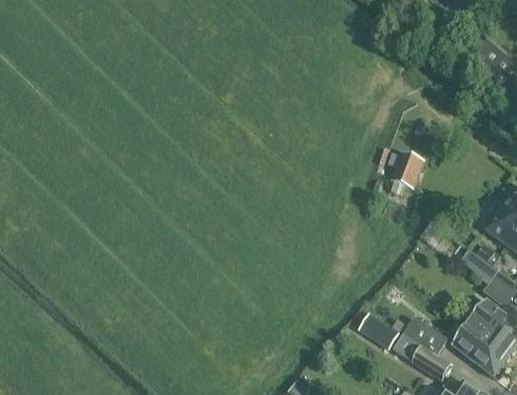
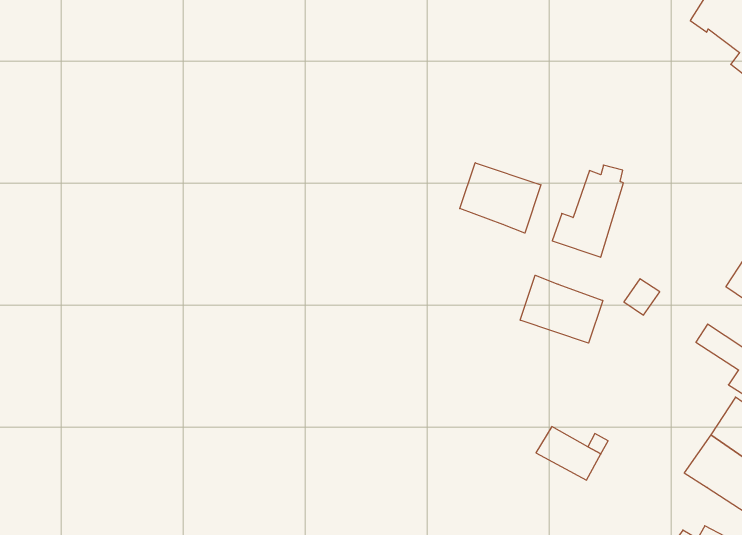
building: none -> [460,163,541,233]
building: none -> [520,275,603,343]
building: [391,316,450,380] -> none

